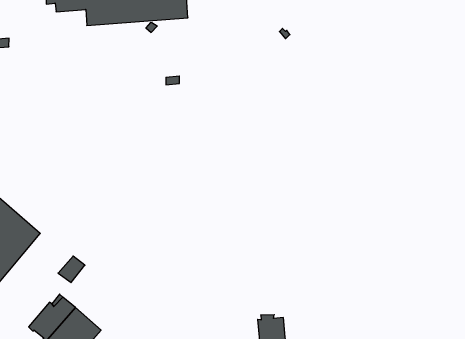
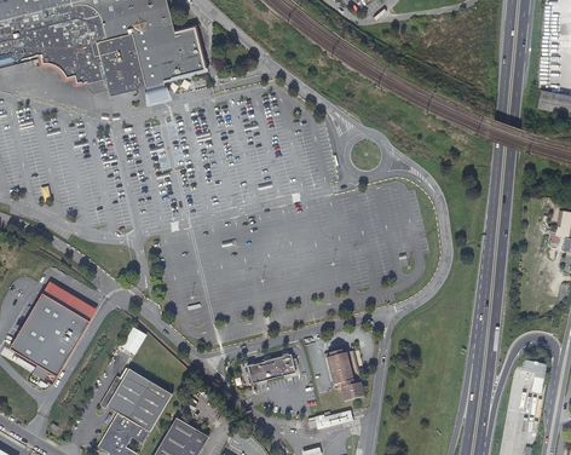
building: none -> [246,351,298,382]

